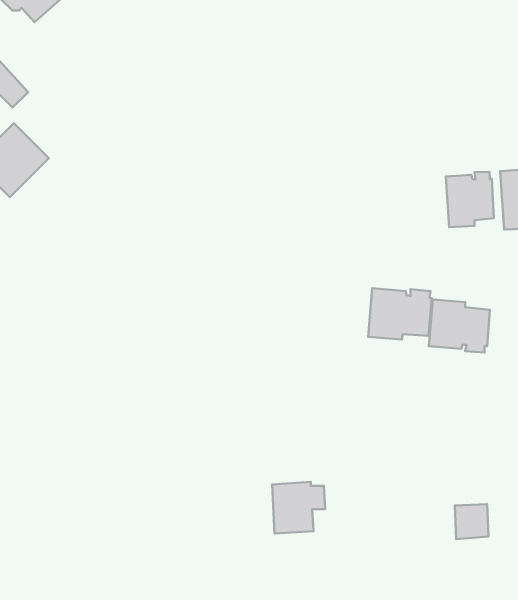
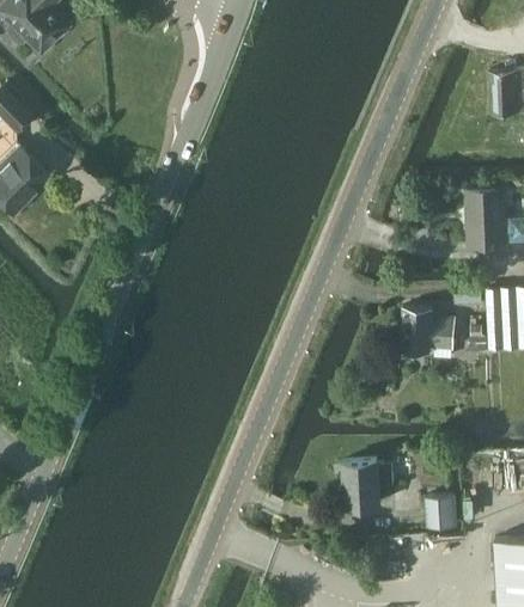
building: [446,172,494,227] -> none
building: [368,288,432,340] -> none
building: [272,482,325,534] -> [345,461,394,509]

